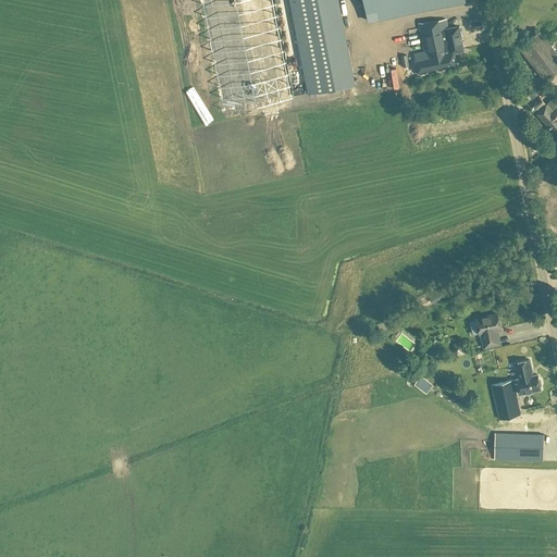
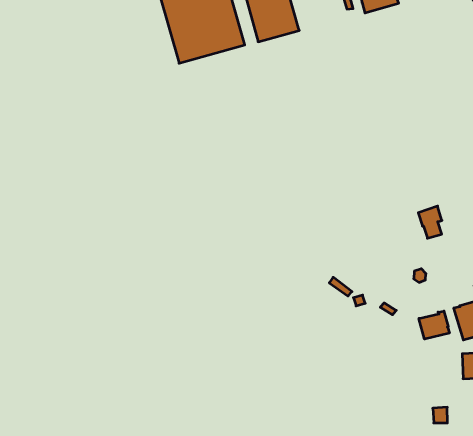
building: [476,313,500,346] -> [418,206,442,238]
building: none -> [419,311,449,339]

